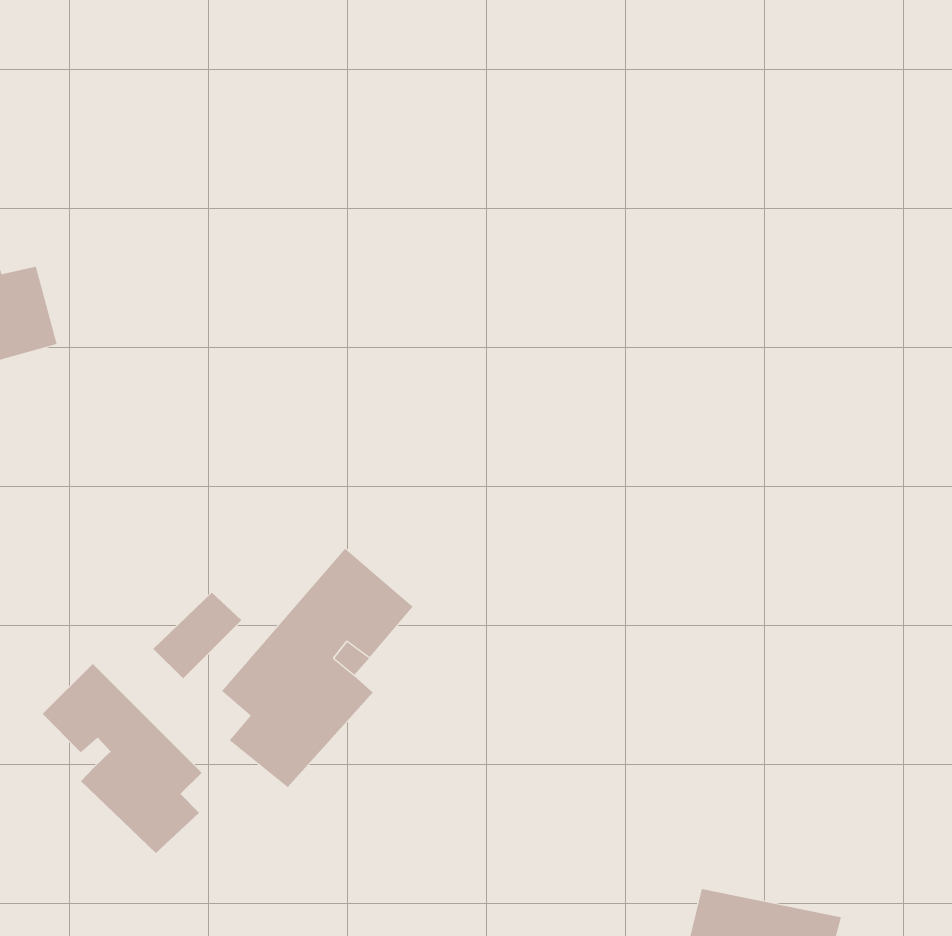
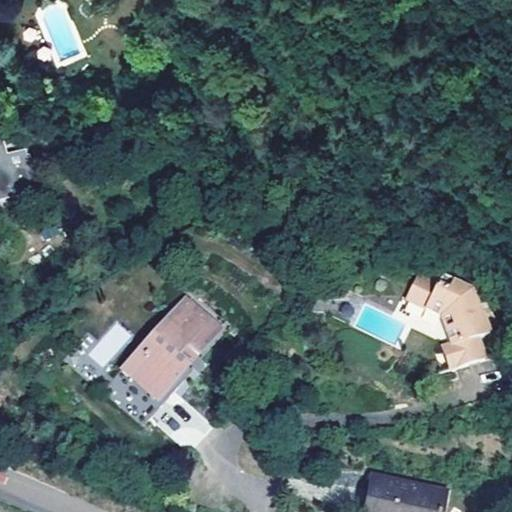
building: none -> [410,264,491,367]
building: [42,663,203,854] -> none

